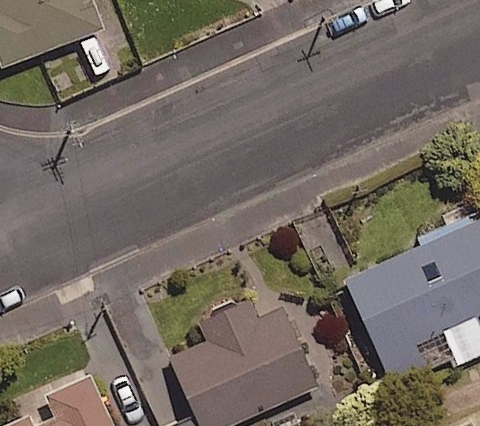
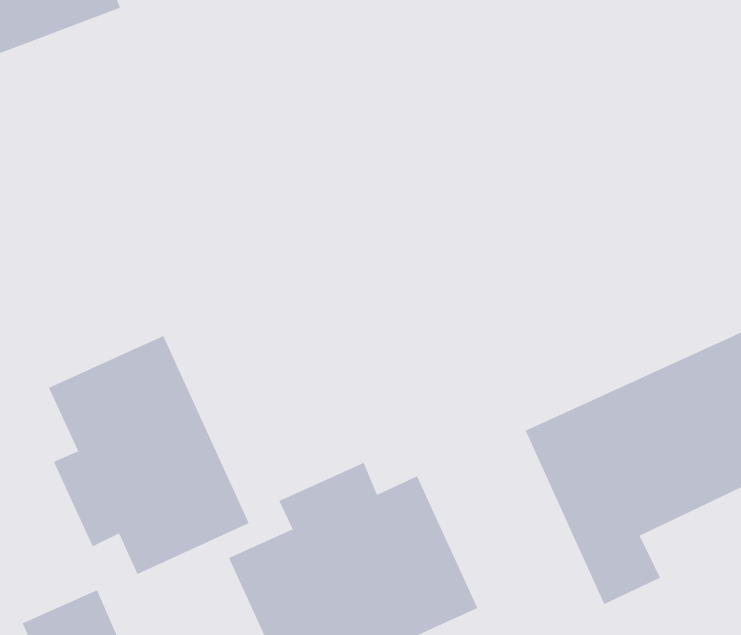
building: none -> [48,335,249,575]

